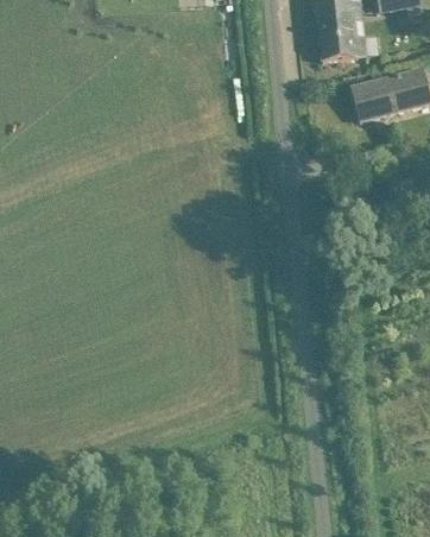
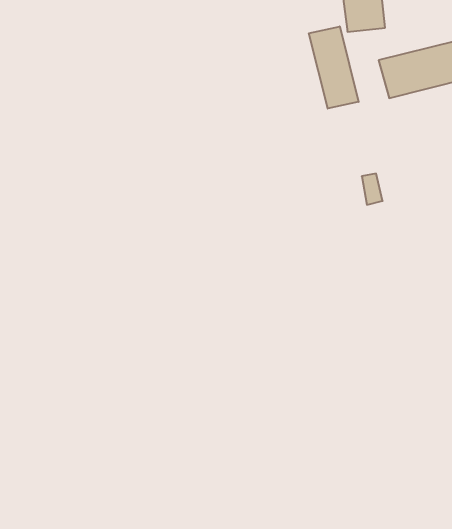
building: none -> [309,26,359,109]

